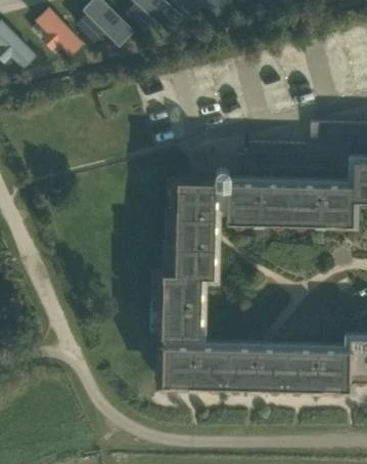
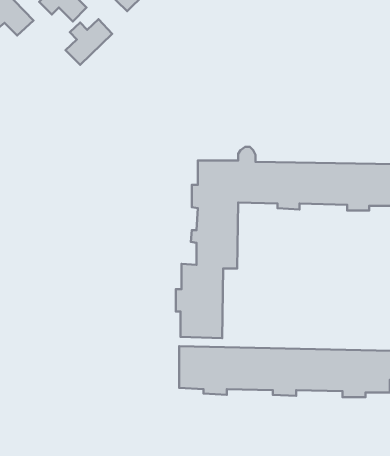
building: none -> [65,19,112,65]

